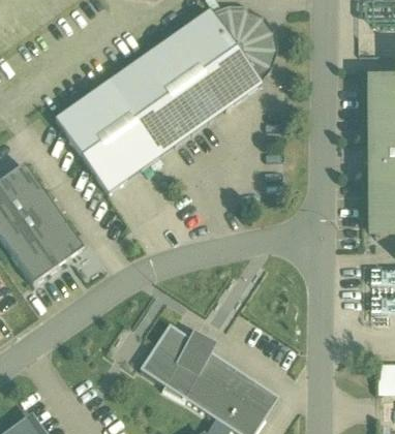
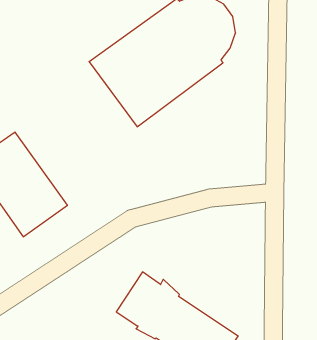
building: [56,82,162,193] -> none

